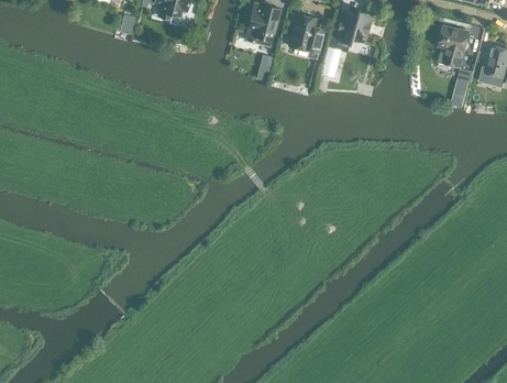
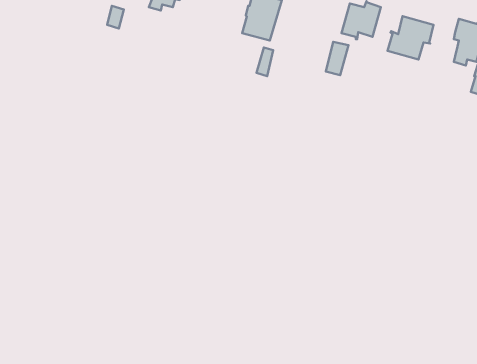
building: [288,13,324,58] -> none
building: none -> [387,16,433,60]

